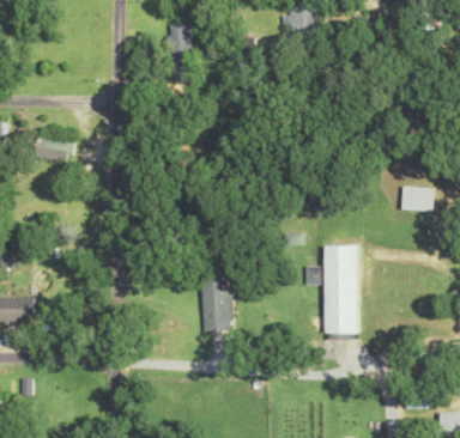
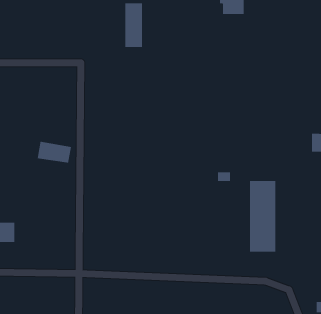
building: [32,135,75,163] -> [37,141,72,163]
building: [201,278,230,331] -> none

